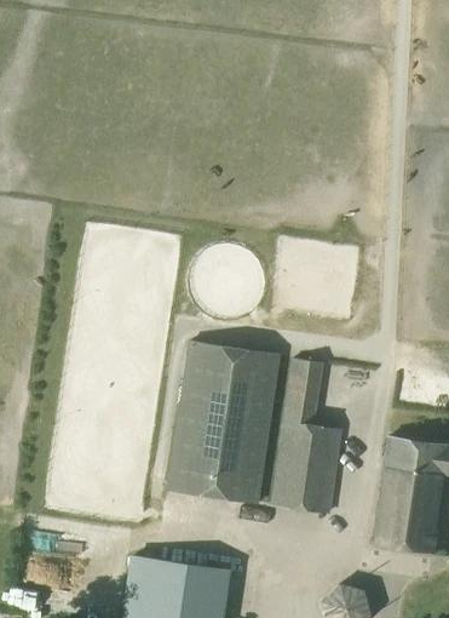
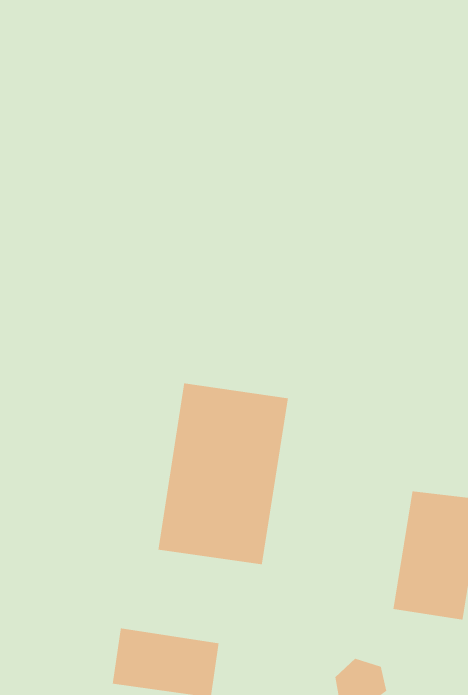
building: [274,361,341,515] -> none

